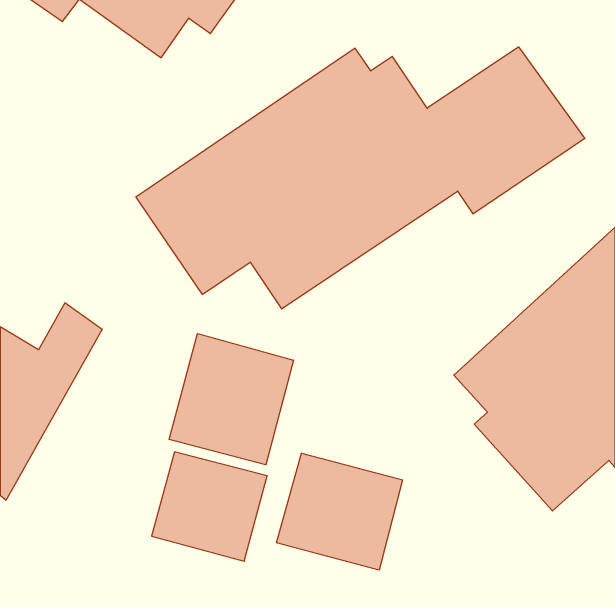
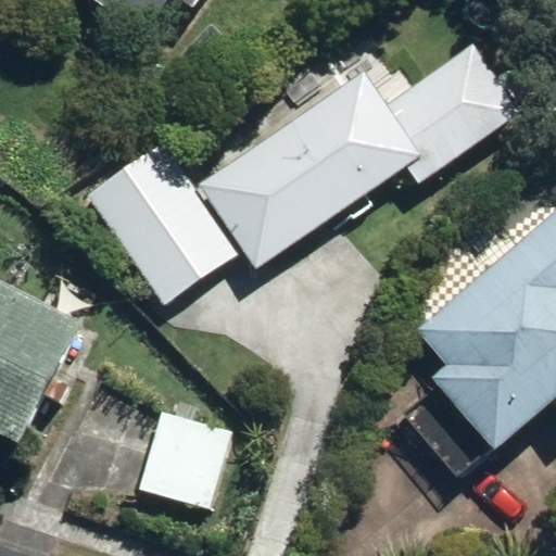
building: [169,334,294,465] -> none
building: [276,453,403,570] -> none

